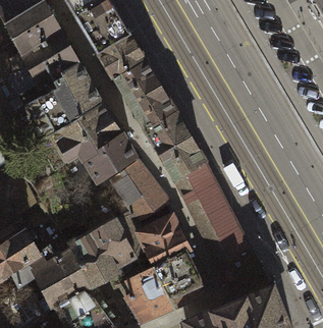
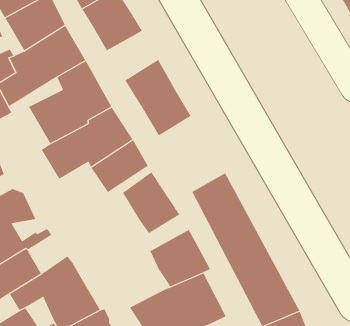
building: [99,37,146,81] -> none
building: [146,113,206,181] -> none
building: [69,206,151,288] -> none

